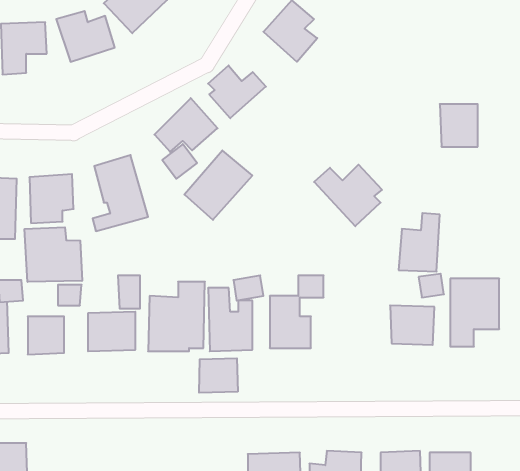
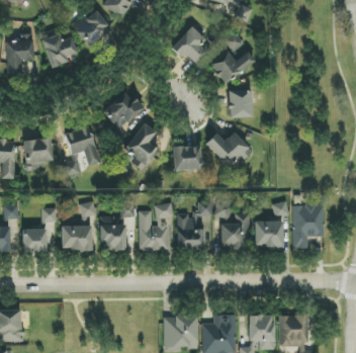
building: none -> [209,32,255,84]
building: [208,65,266,118] -> none
building: [440,104,478,147] -> [228,90,252,117]
building: none -> [173,146,201,170]
building: [399,213,440,272] -> [219,212,246,250]
building: [25,227,82,282] -> none
building: [199,358,238,393] -> none

